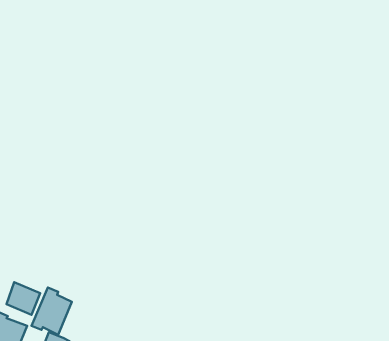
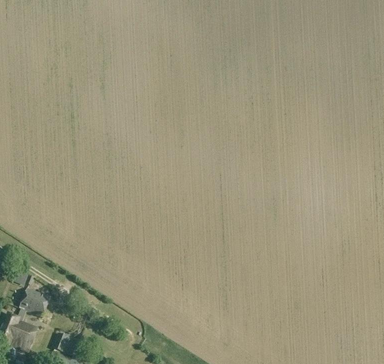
building: [31,288,72,335] -> none

